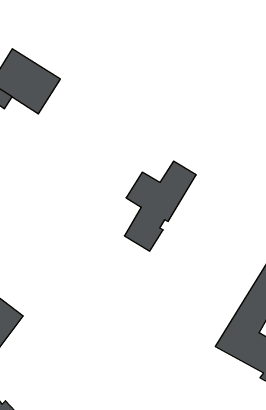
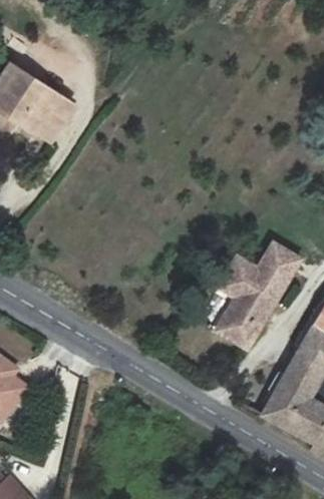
building: [124,161,196,251] -> [217,242,302,349]

